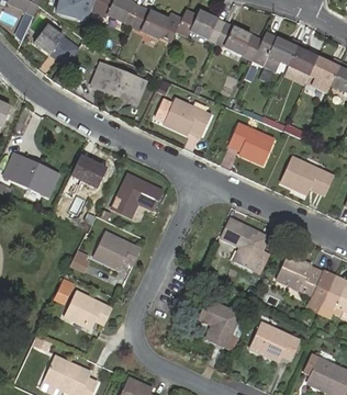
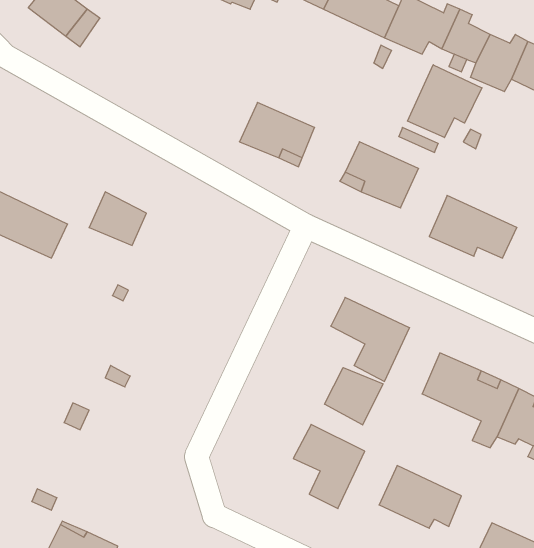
building: [91,63,146,104] -> none
building: none -> [408,65,482,138]
building: [112,176,160,217] -> none
building: [94,233,139,269] -> none
building: none -> [325,368,383,425]
building: [65,292,111,328] -> none

